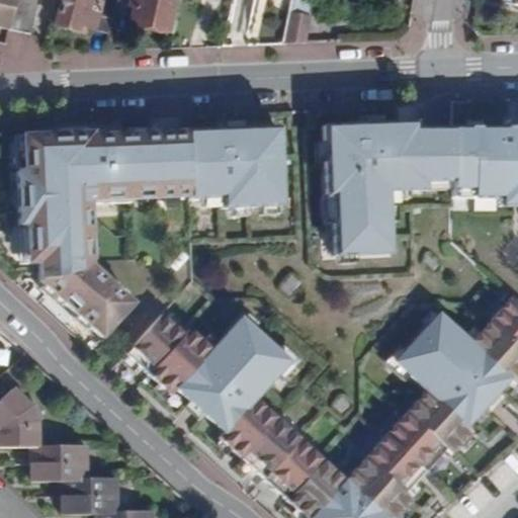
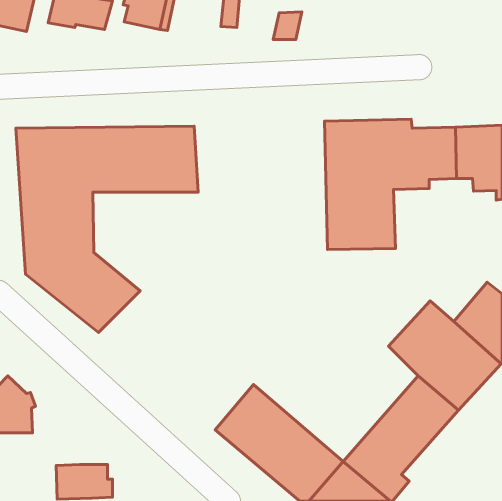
building: [199,124,294,209] -> none
building: [122,307,294,441] -> none
building: [27,443,82,478] -> none

